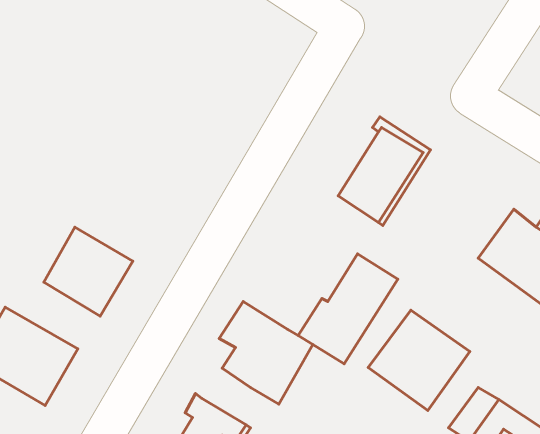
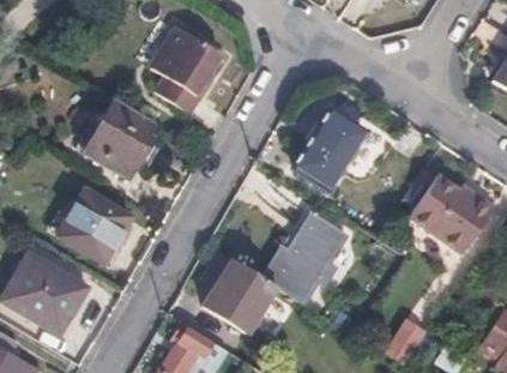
building: none -> [153,29,222,114]
building: none -> [84,98,155,179]
building: [368,310,470,410] -> none

